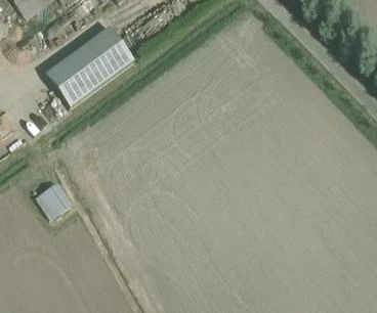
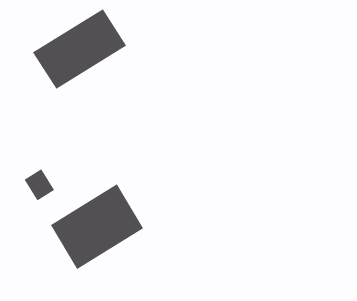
building: none -> [50,183,144,270]

